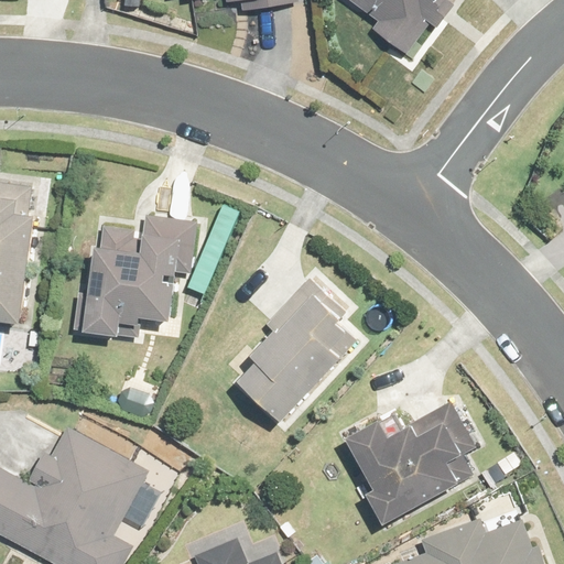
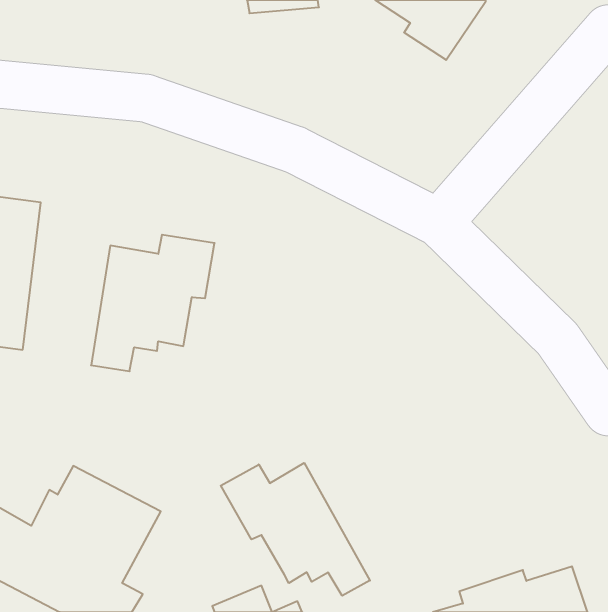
building: [238,280,355,422] -> none
building: [344,403,473,527] -> none
building: none -> [221,463,370,596]

